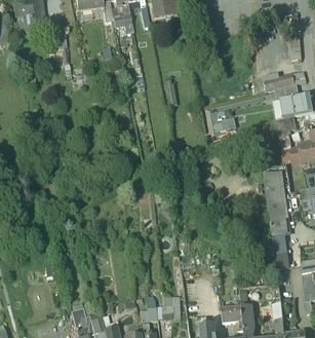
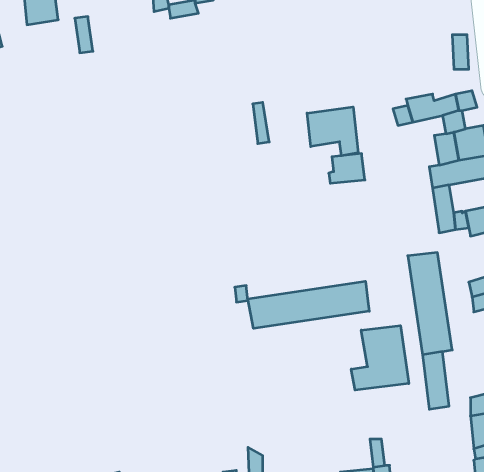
building: none -> [307,107,358,156]
building: none -> [248,281,369,328]
building: none -> [351,326,409,390]

